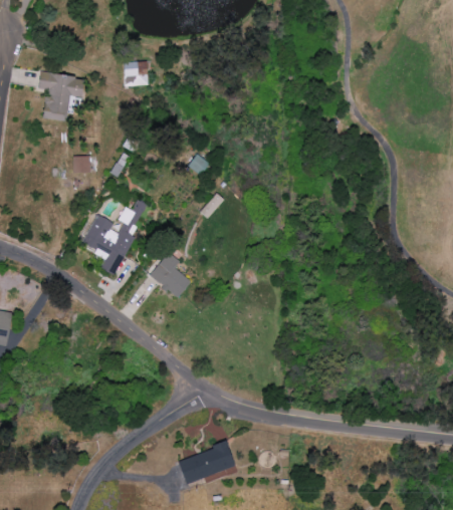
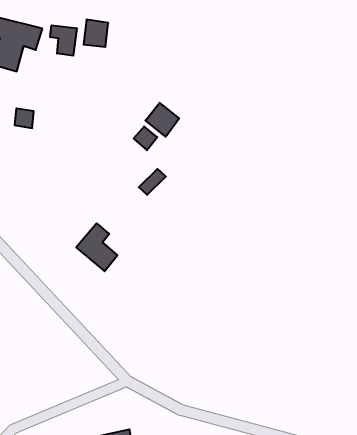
building: none -> [50,25,77,56]
building: none -> [145,103,179,137]
building: [82,202,146,275] -> none

